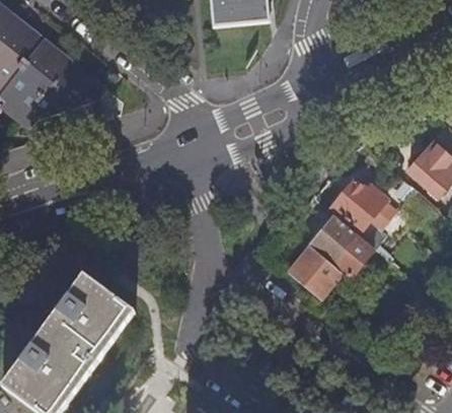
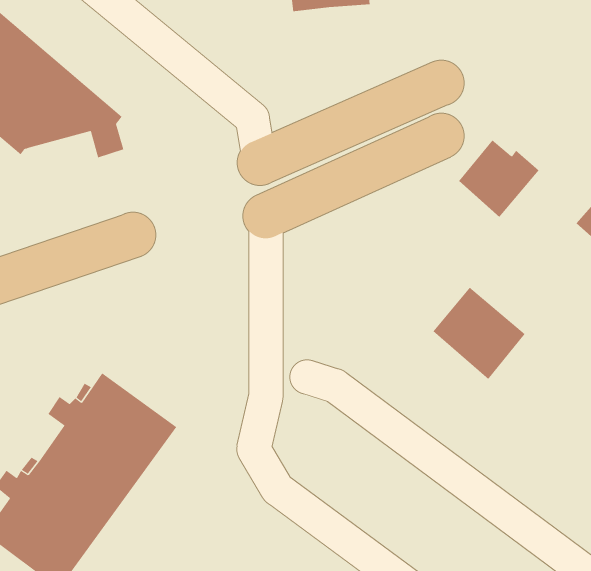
building: [332,178,388,231] -> [458,139,539,218]
building: [289,245,342,298] -> none

